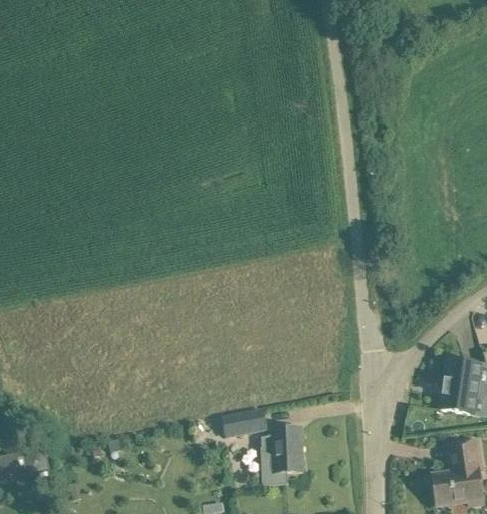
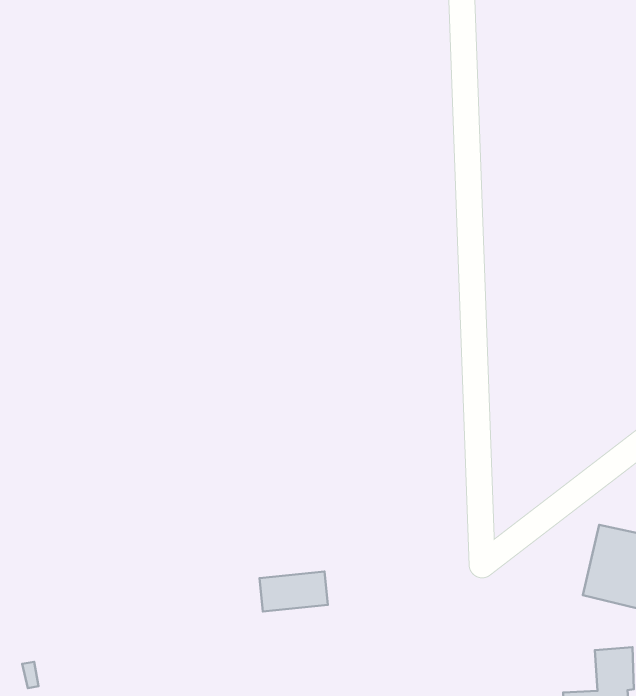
building: [262,427,303,483] -> none

